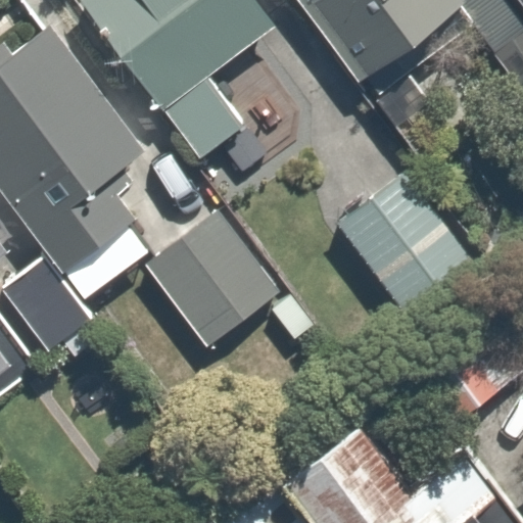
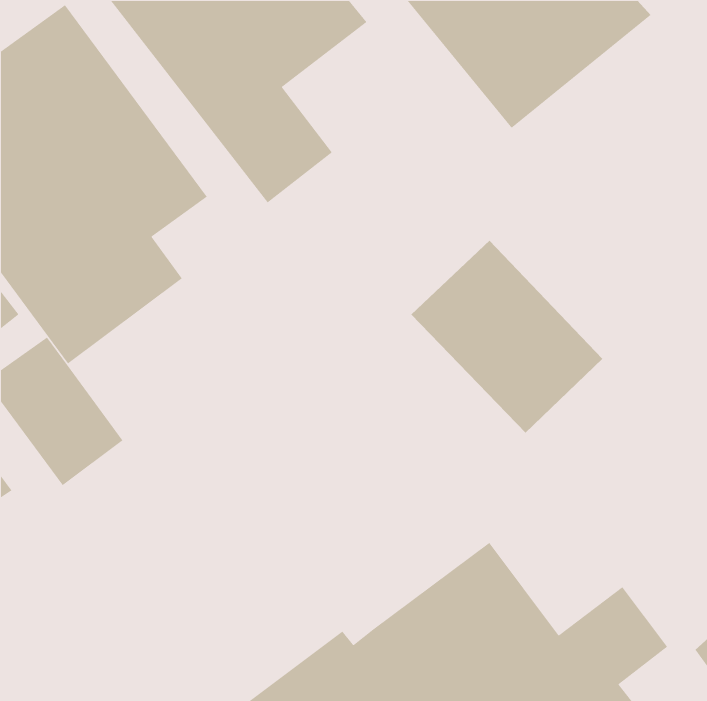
building: [137,209,280,352] -> none

